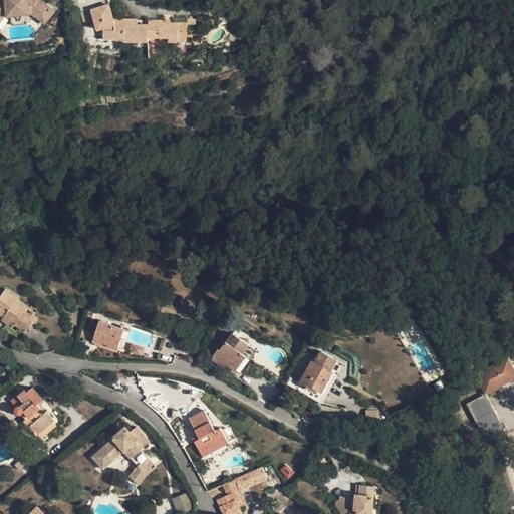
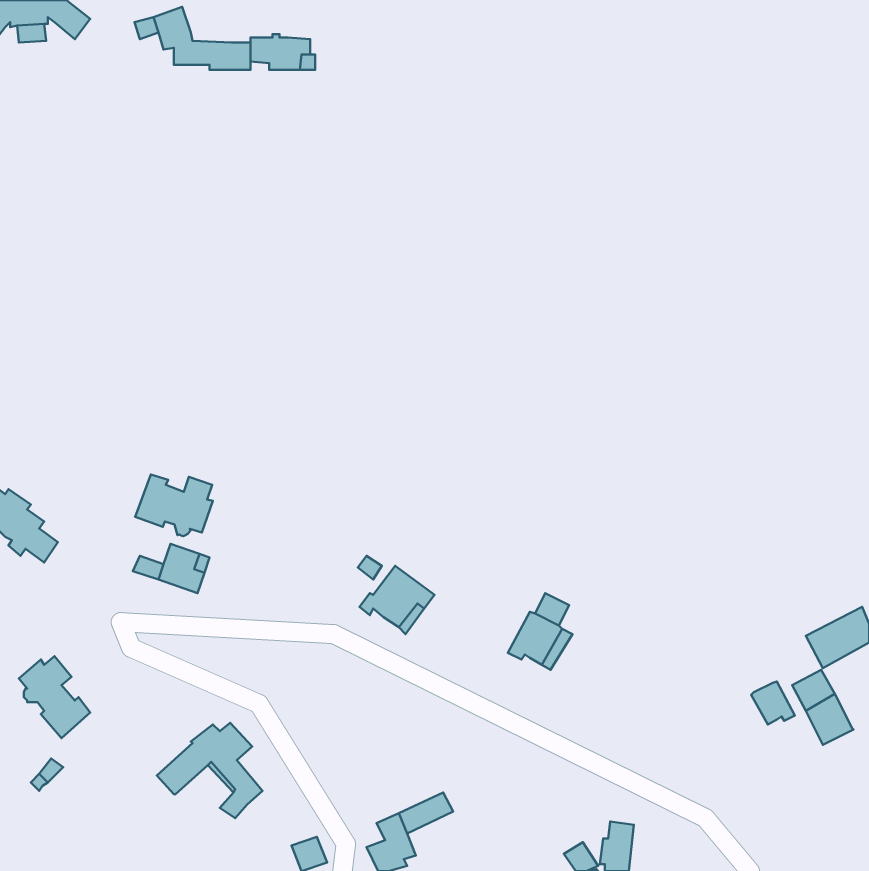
building: none -> [135,475,213,536]
building: none -> [751,682,795,724]
building: [188,410,228,457] -> none

